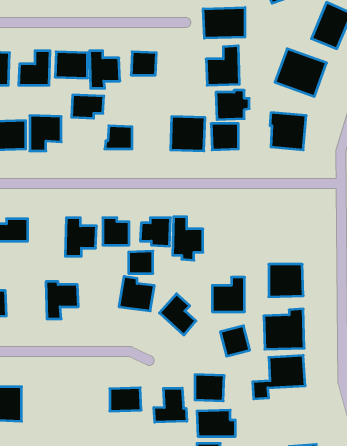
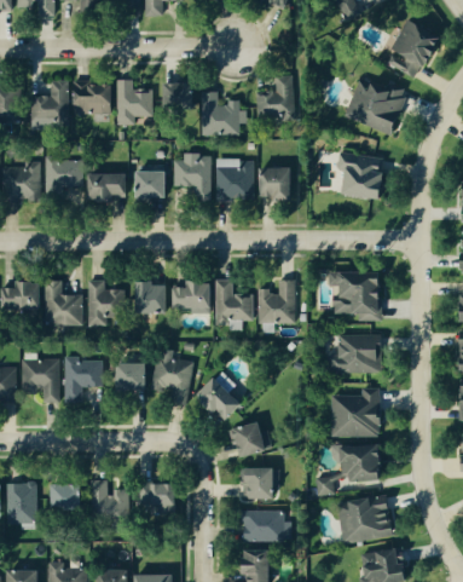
building: [203,7,245,38] -> none
building: [216,90,249,120] -> [206,100,245,136]
building: [72,95,104,118] -> [91,172,129,200]
building: none -> [173,157,209,198]
building: none -> [325,272,375,322]
building: none -> [46,280,83,324]
building: [129,251,153,273] -> [114,362,143,388]
building: [212,277,245,312] -> [256,280,295,321]
building: none -> [23,358,60,402]
building: [220,326,250,356] -> [235,421,270,457]
building: none -> [94,480,129,519]
building: none -> [53,483,87,511]
building: [154,388,187,422] -> none
building: none -> [330,495,387,544]

